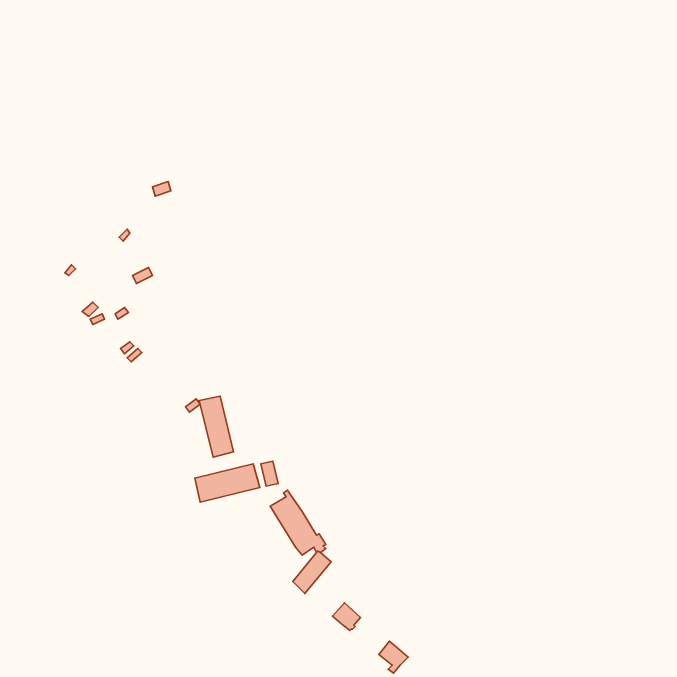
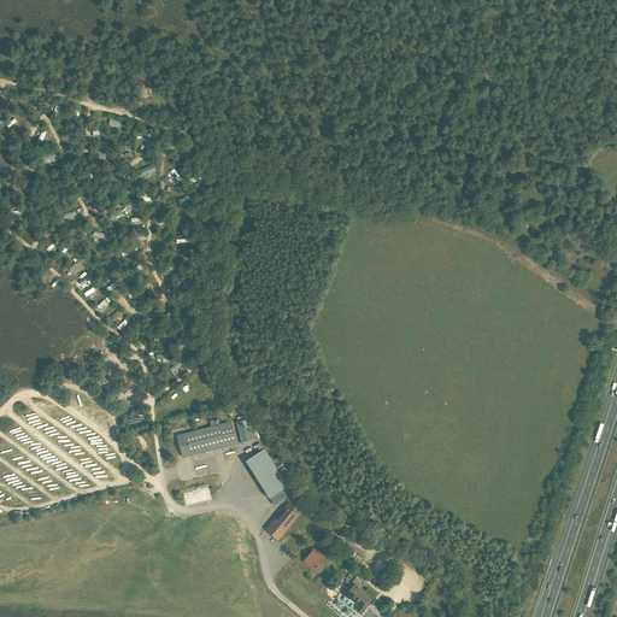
building: [199,396,233,457] -> none

